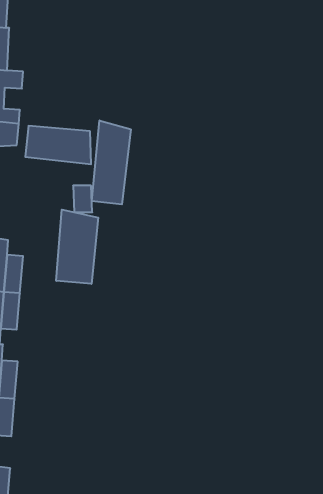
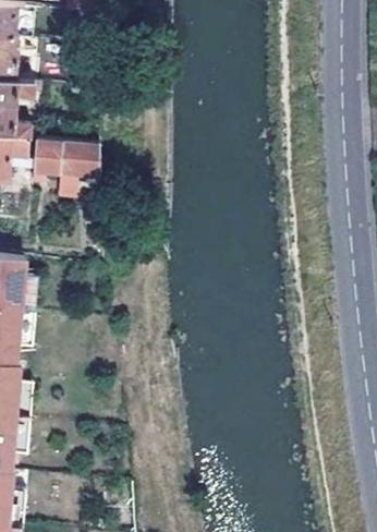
building: [92,120,131,204] -> none
building: [56,210,98,284] -> none

